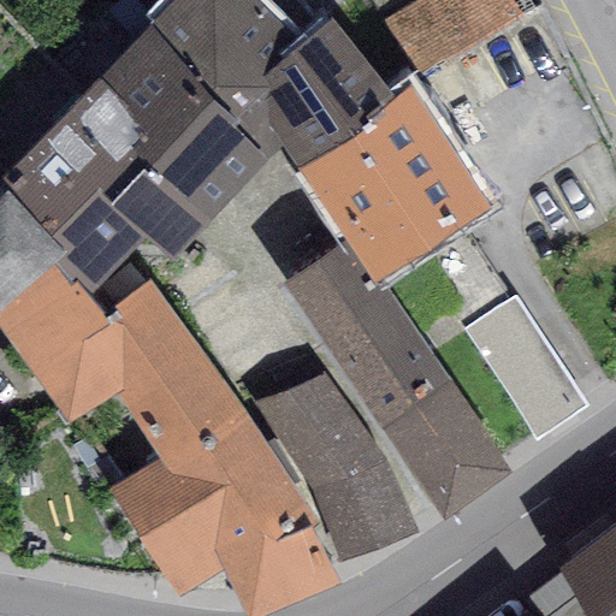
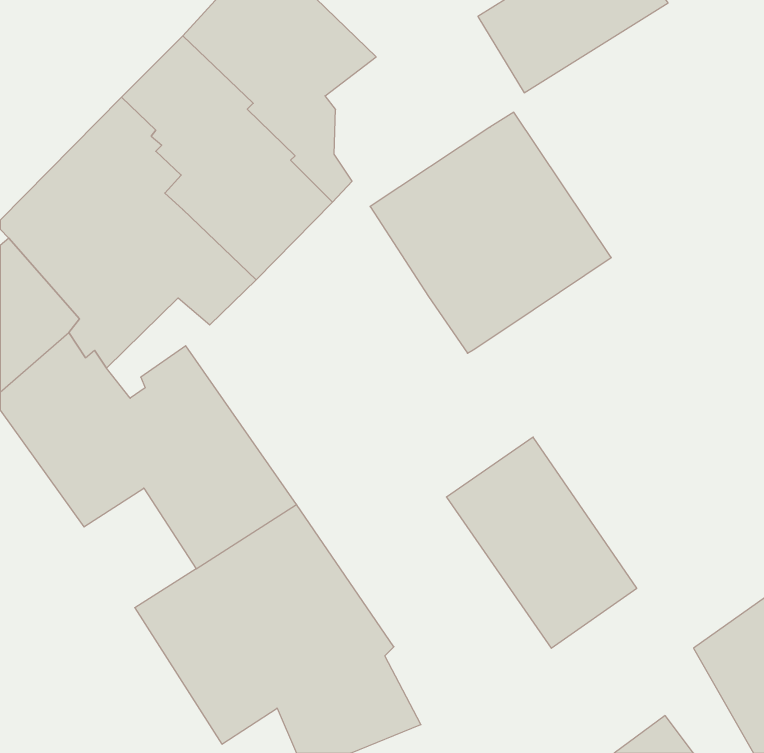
building: [262,23,395,166] -> none
building: [282,238,430,399] -> none
building: [463,288,590,434] -> none
building: [239,365,419,557] -> none

